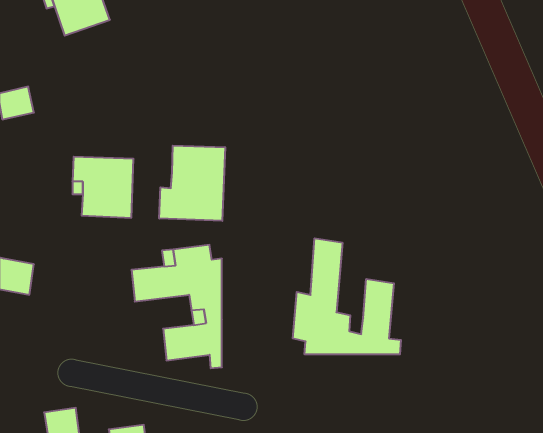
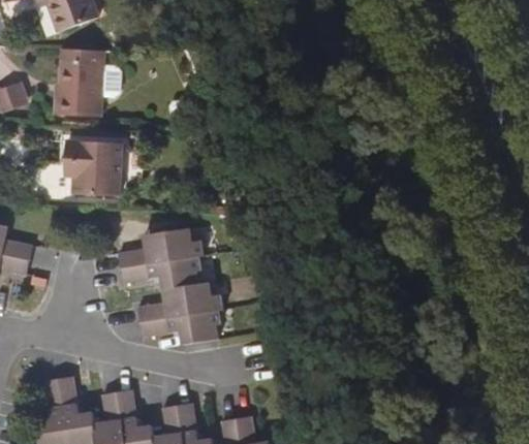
building: none -> [59,52,104,119]
building: [159,146,225,221] -> none
building: [293,238,401,354] -> none

